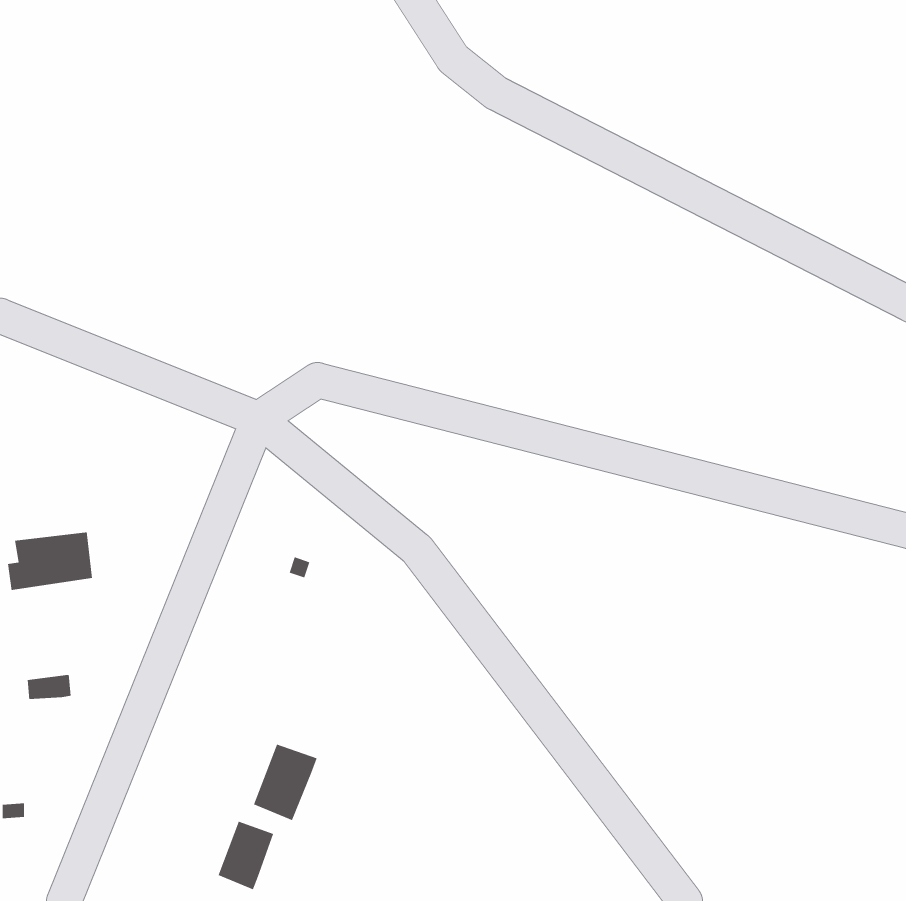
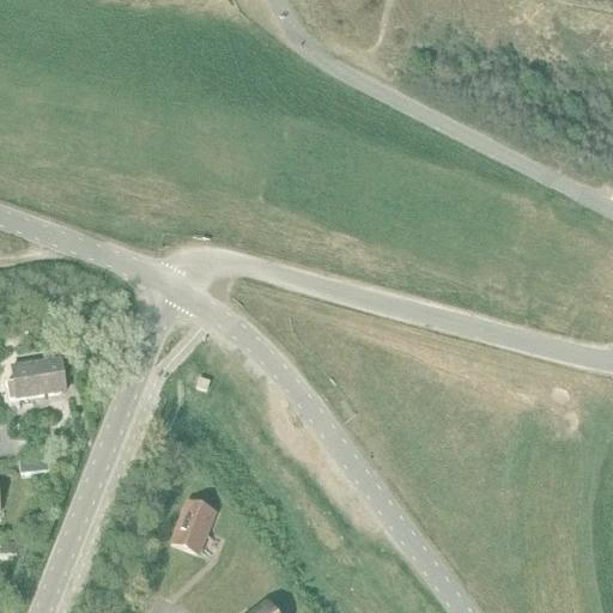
building: [218,821,274,890] -> none

